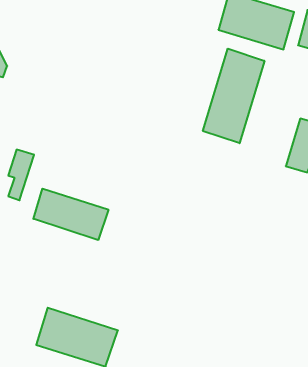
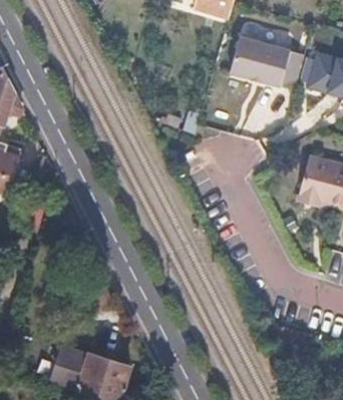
building: [203,49,264,143] -> none
building: [33,189,108,240] -> none

